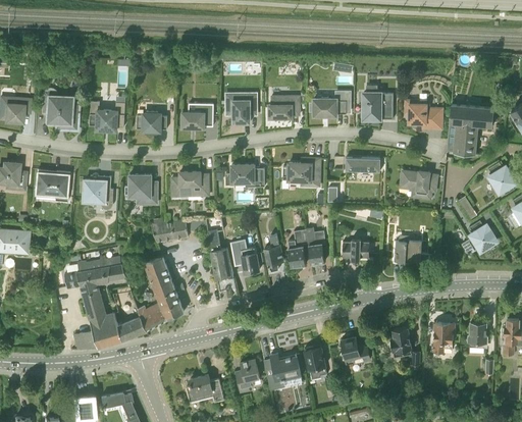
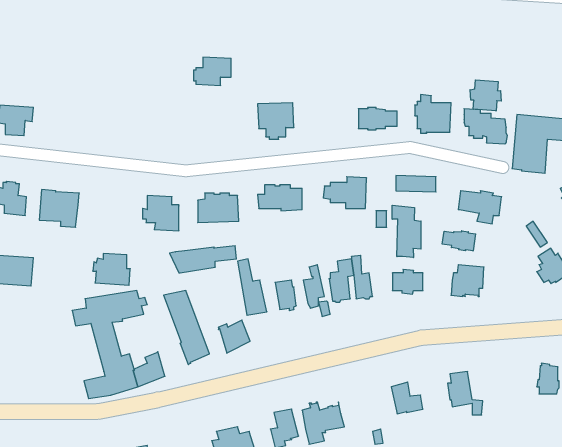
building: none -> [470,80,501,111]
building: [44,92,79,129] -> none
building: [269,97,300,118] -> none
building: [90,102,125,131] -> none
building: [180,104,213,128] -> [194,57,231,85]
building: [137,111,167,134] -> none
building: [82,175,114,203] -> [93,254,130,285]
building: none -> [392,205,421,258]
building: none -> [442,231,476,251]
building: [138,303,165,331] -> [218,320,250,353]
building: [433,322,456,354] -> none
building: [305,347,327,380] -> none

